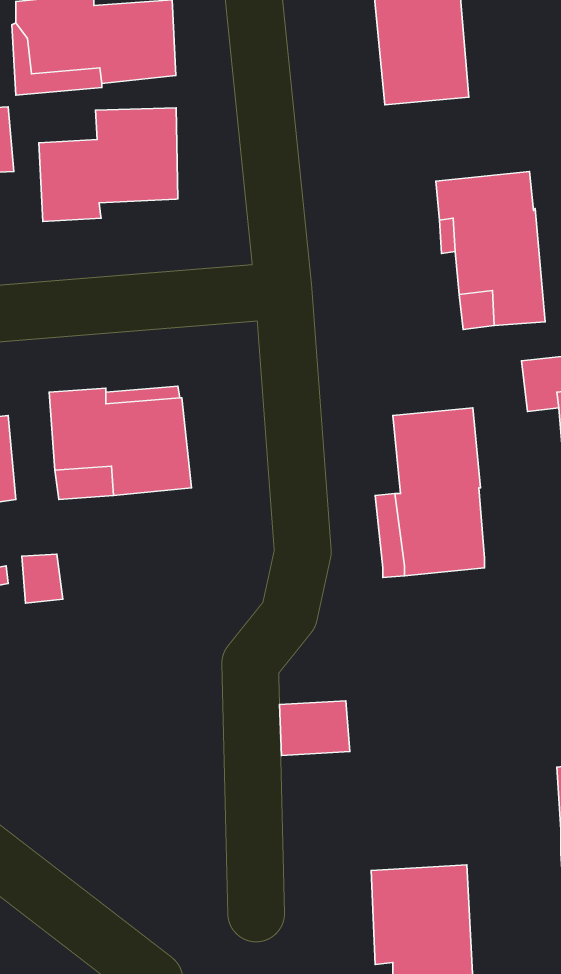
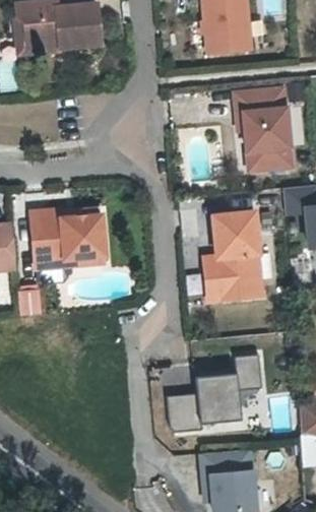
building: [39,108,178,222] -> none
building: none -> [166,357,260,434]

